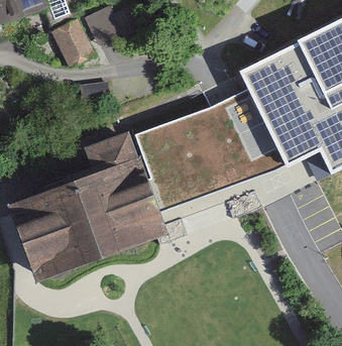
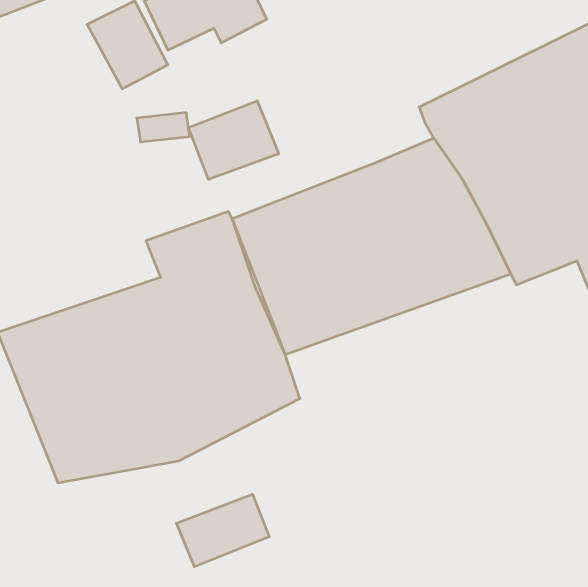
building: none -> [189,101,279,179]
building: none -> [176,494,269,567]

